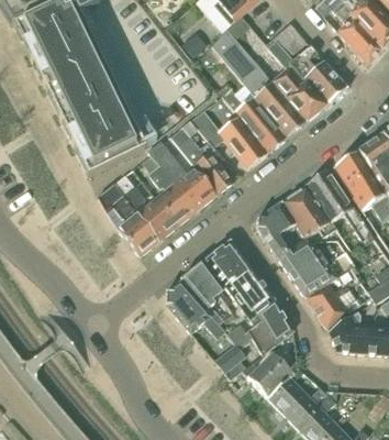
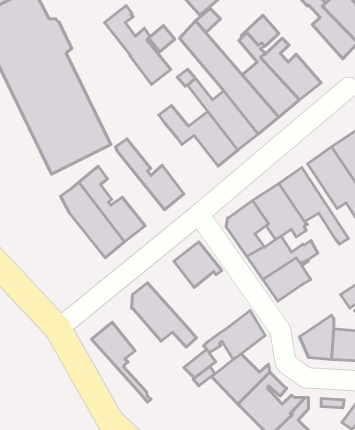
building: [170,119,234,195] -> [105,5,171,84]
building: [141,154,197,226] -> none
building: [180,264,237,341] -> [92,322,151,402]
building: [225,268,279,324] -> none
building: [305,282,360,328] -> none

